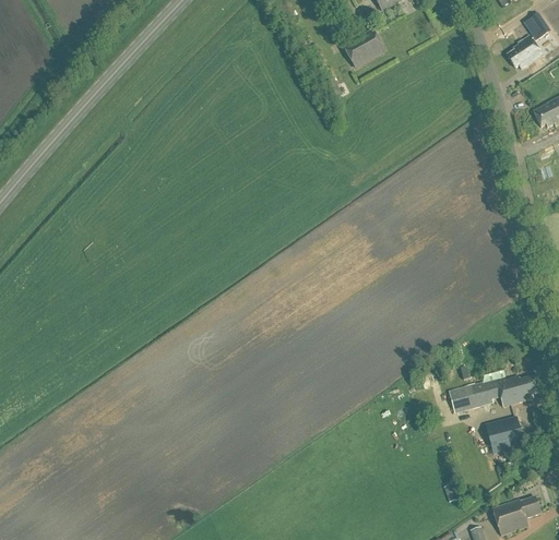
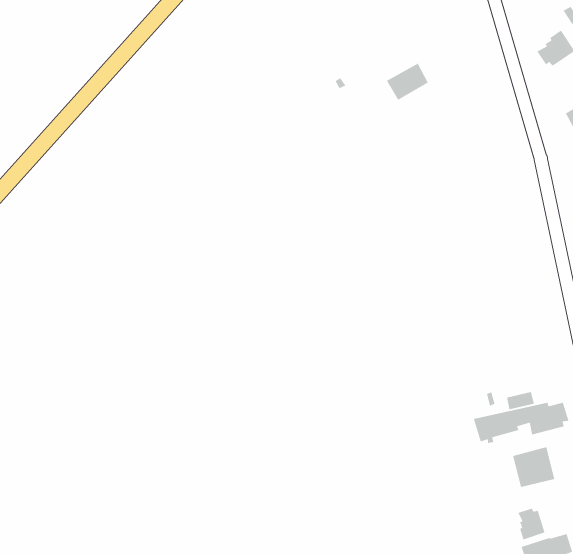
building: [345,33,384,68] -> [386,63,429,101]
building: none -> [517,507,546,540]

